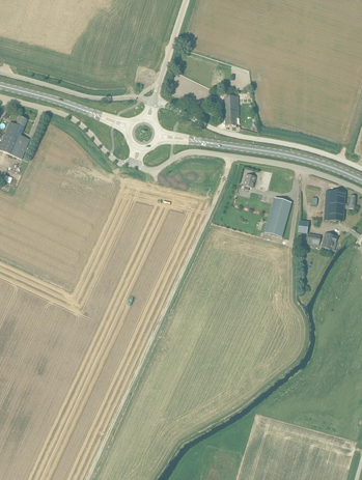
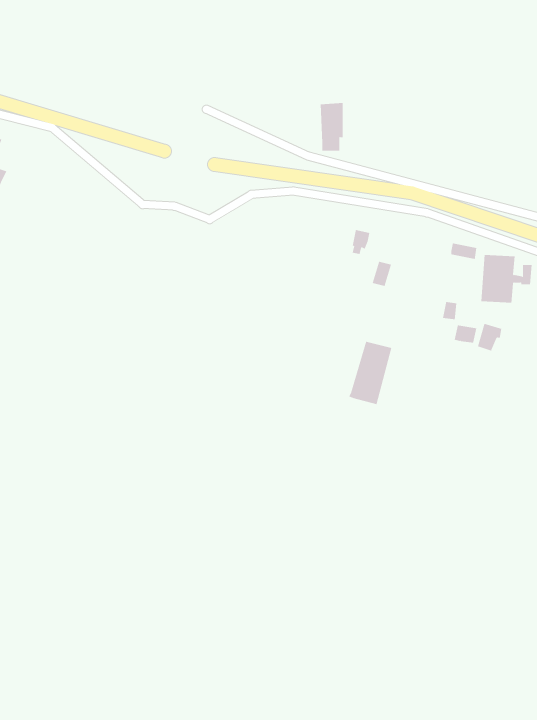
building: [263,197,290,236] -> [349,341,392,405]

